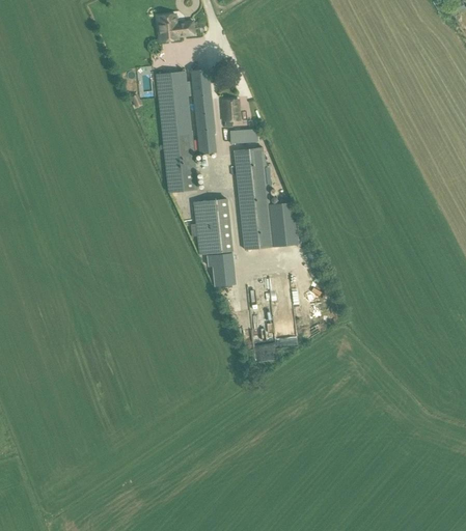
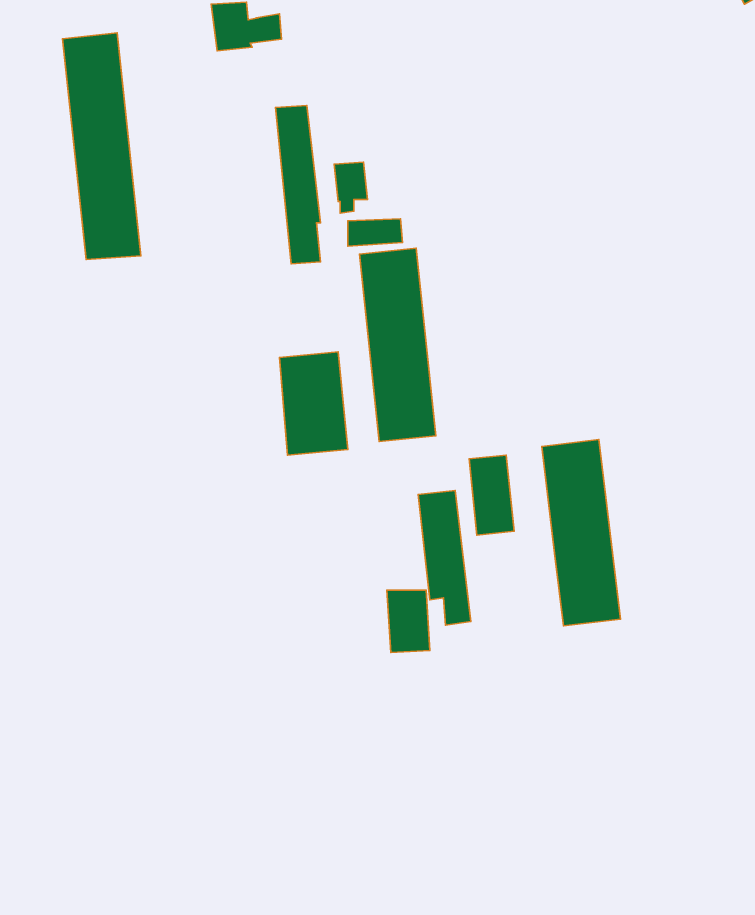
building: [155,72,196,192] -> [63,33,141,260]
building: [271,202,295,245] -> [469,455,514,535]
building: none -> [542,440,620,626]
building: [205,252,235,284] -> none

